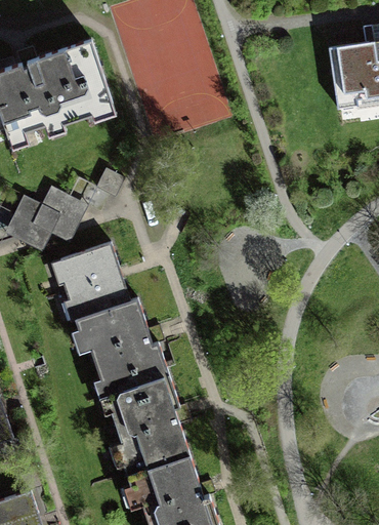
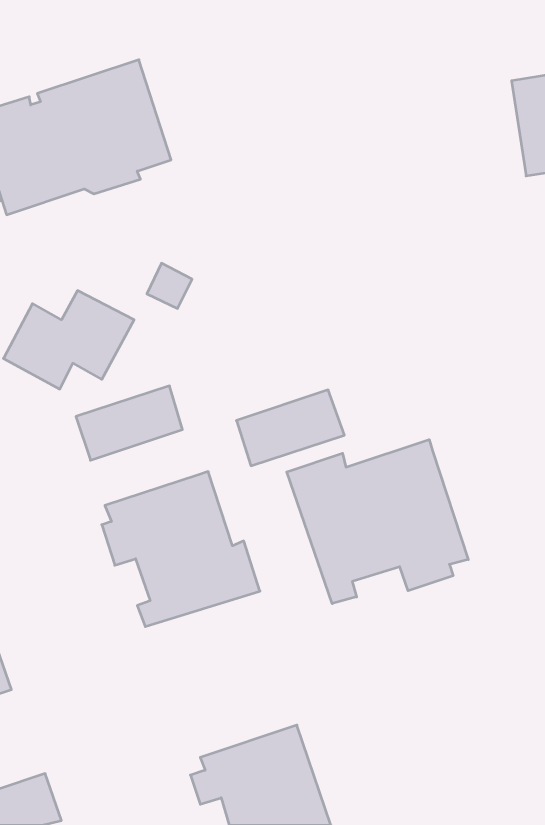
building: [61,273,130,321] -> [236,390,344,466]
building: none -> [287,440,468,604]
building: [96,375,196,483] -> none

